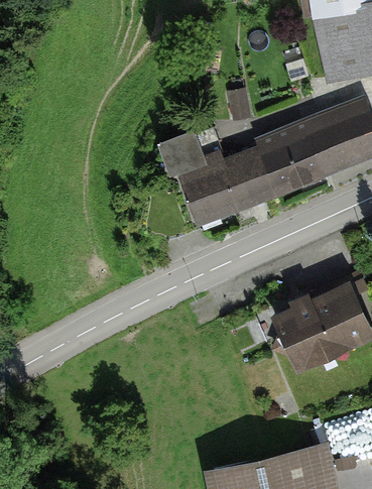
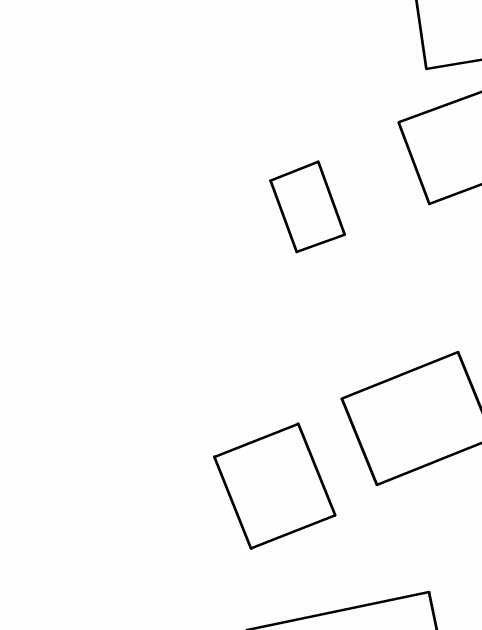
building: [252,119,331,197] -> none
building: [154,129,239,225] -> none
building: none -> [214,424,335,549]

